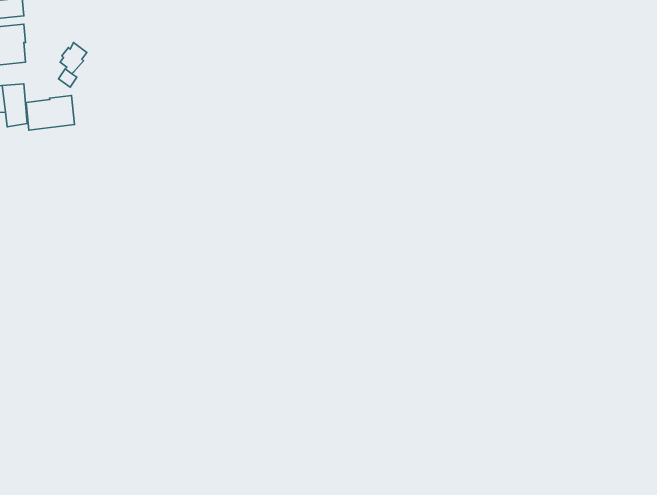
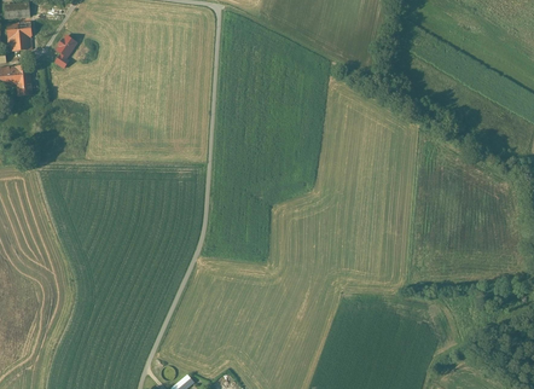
building: [26,96,75,130] -> none

